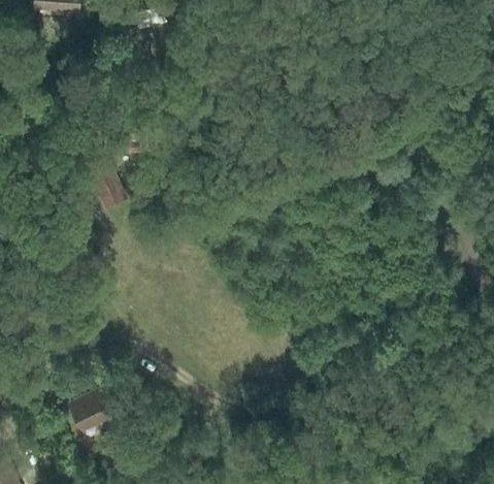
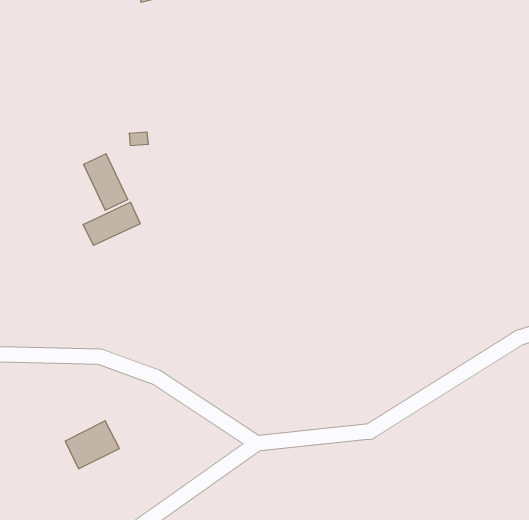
building: none -> [83,202,140,245]

